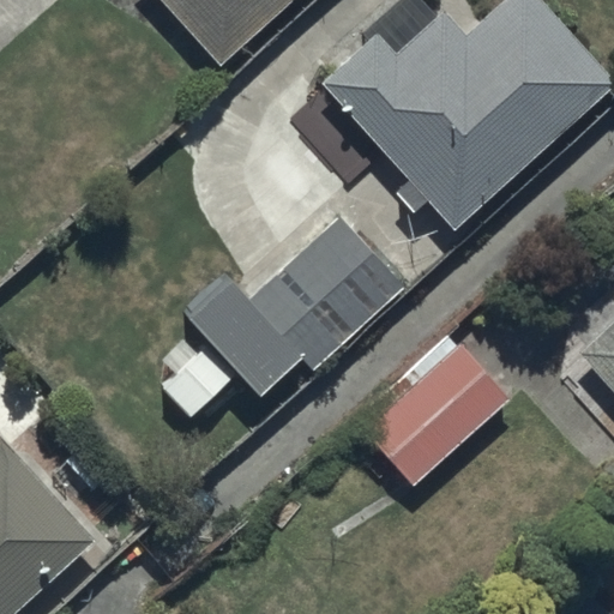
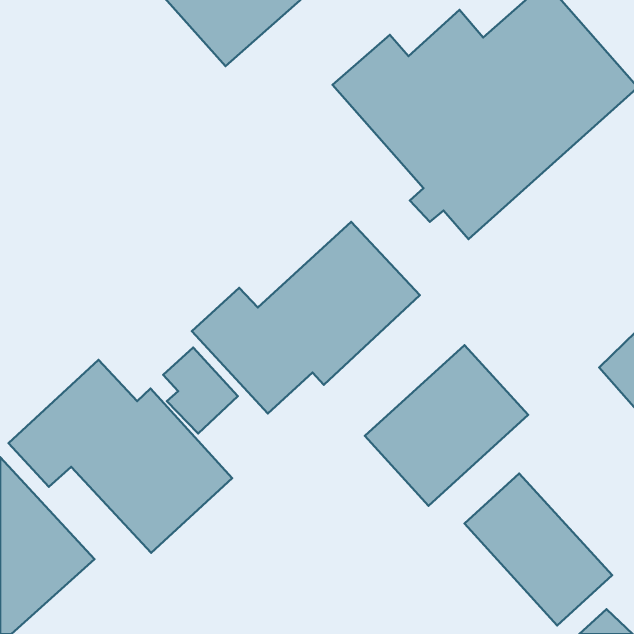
building: none -> [8,360,232,553]
building: none -> [464,473,612,625]

